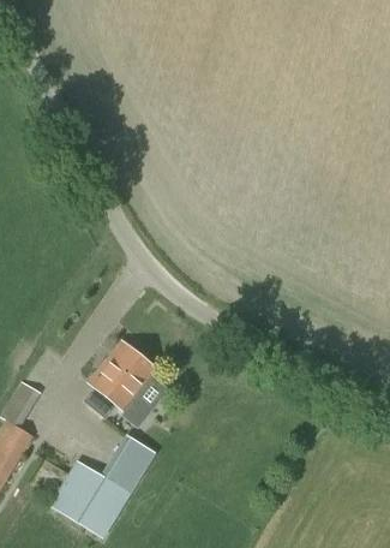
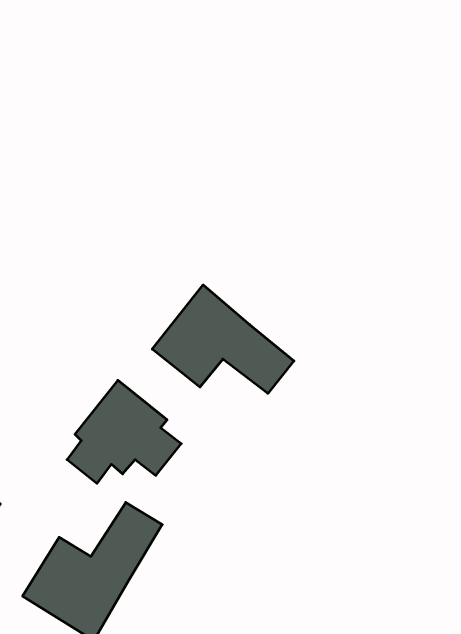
building: none -> [152,285,294,393]

